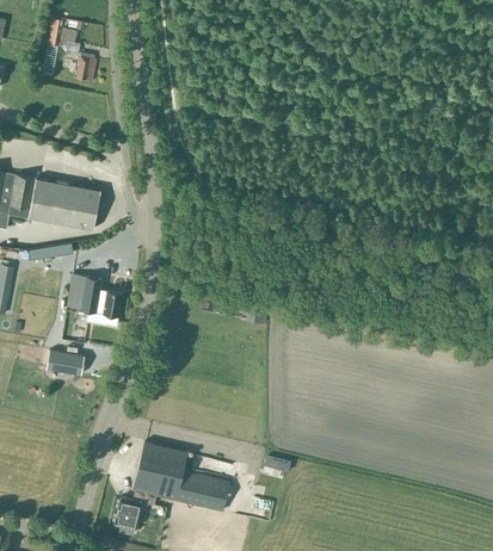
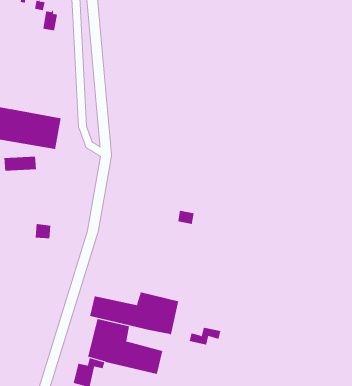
building: [67,274,123,317] -> none
building: [47,351,85,376] -> none
building: none -> [90,291,179,335]

